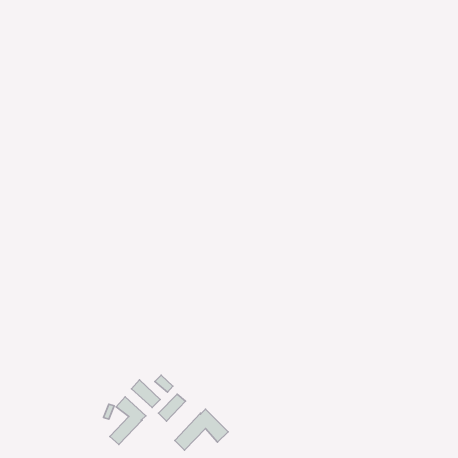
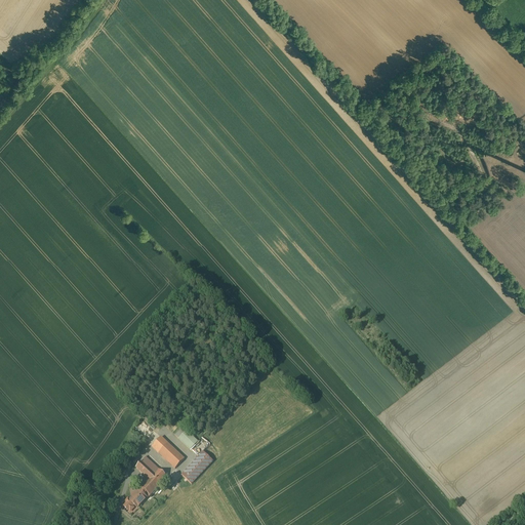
building: [175,409,228,450] -> none

